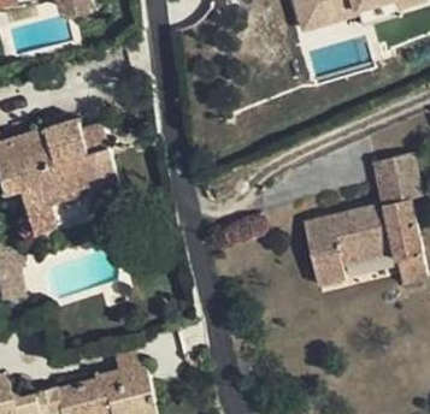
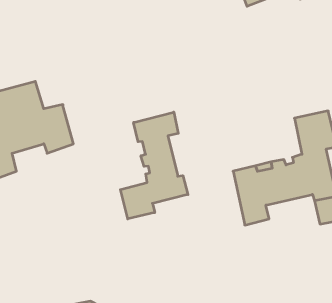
building: none -> [120,112,188,219]

